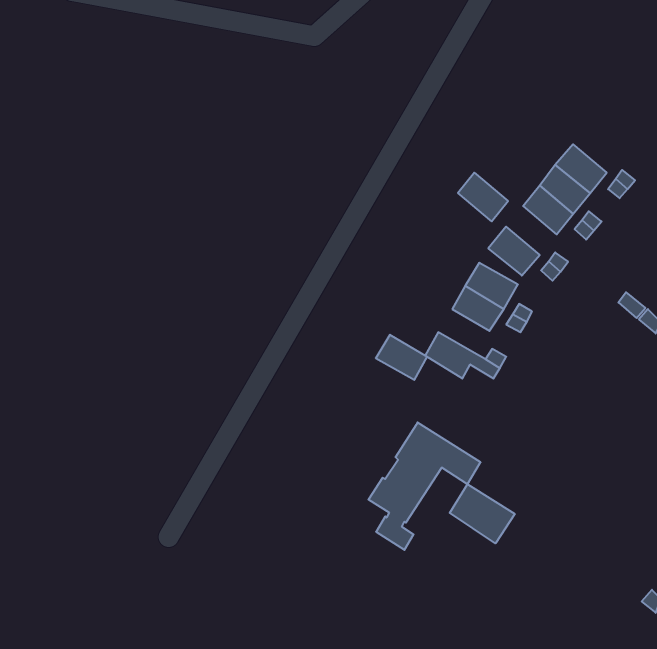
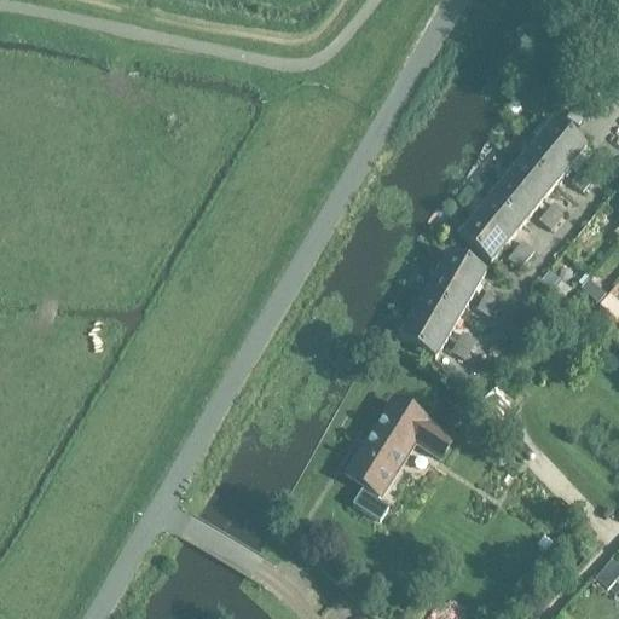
building: none -> [539,116,588,162]
building: [458,173,508,221] -> [476,193,523,239]
building: [376,335,427,380] -> [412,290,461,332]
building: [450,484,515,543] -> none

